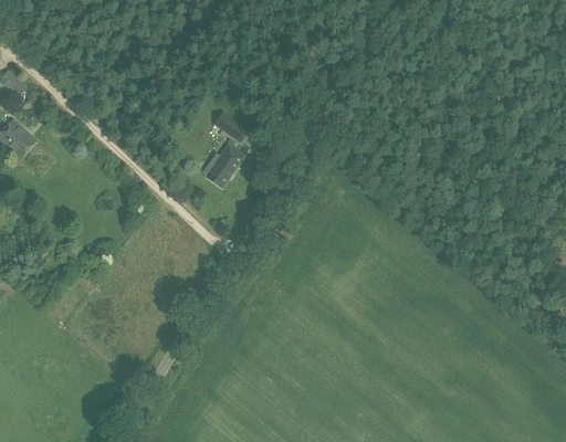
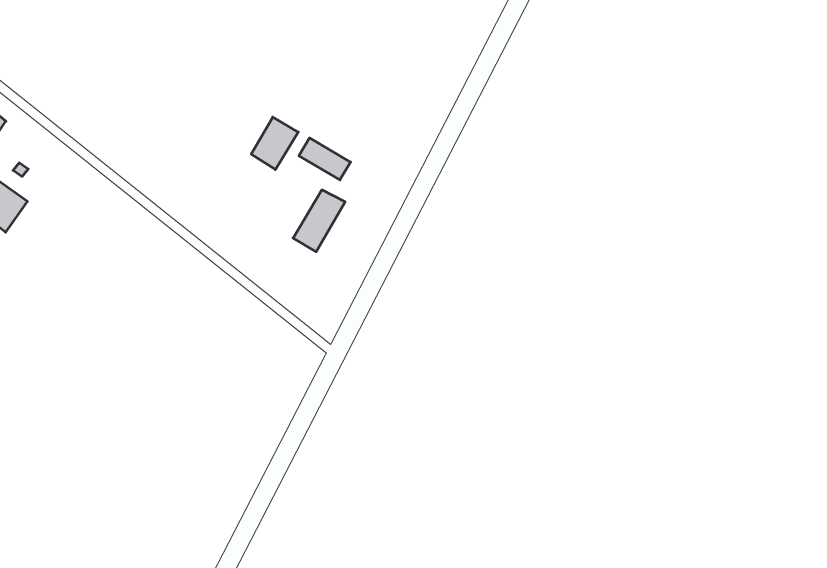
building: none -> [251,117,298,170]

